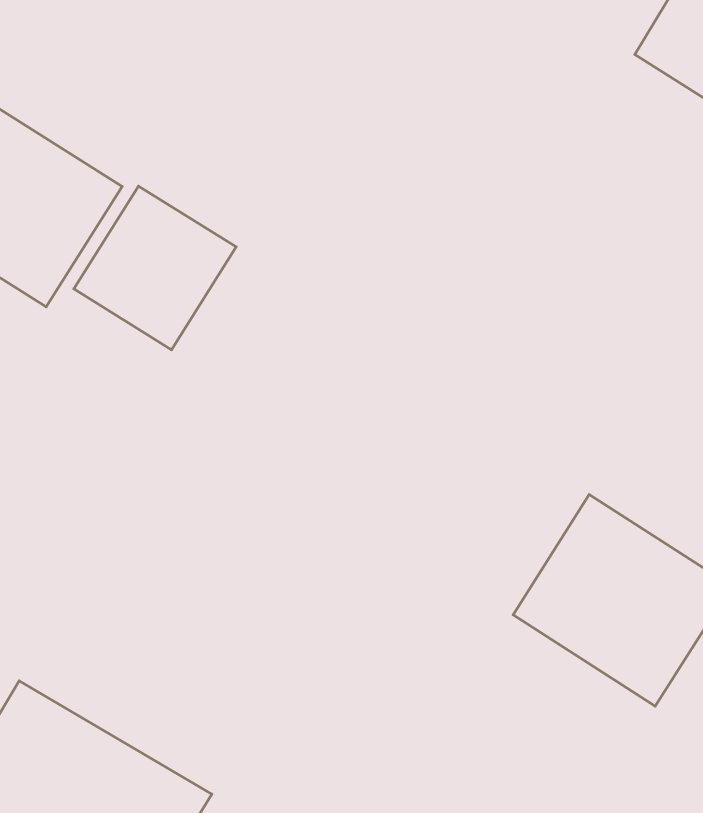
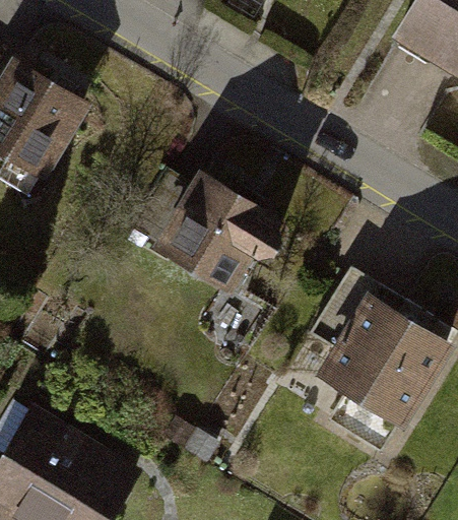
building: [74,186,236,350] -> none
building: none -> [142,167,282,302]

